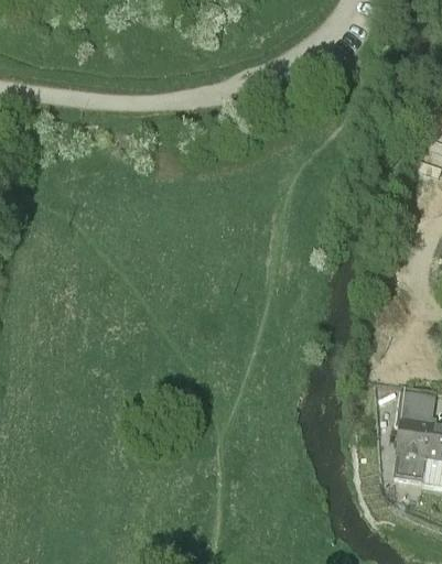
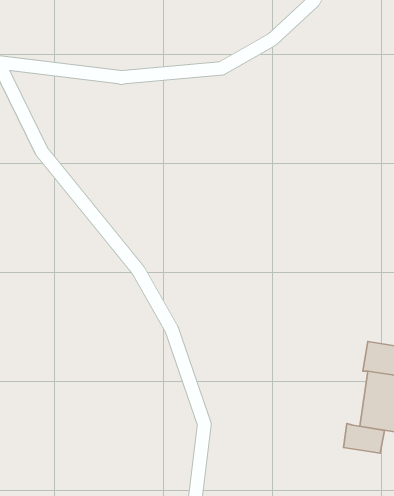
building: none -> [343,424,385,453]

